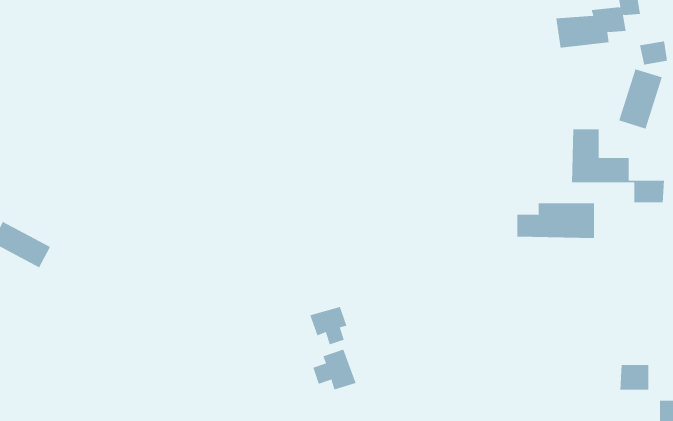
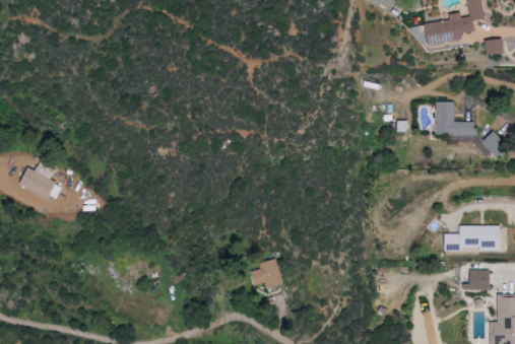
building: [618,68,662,129] -> none
building: [517,203,595,238] -> [445,225,501,251]
building: [310,306,347,345] -> none

